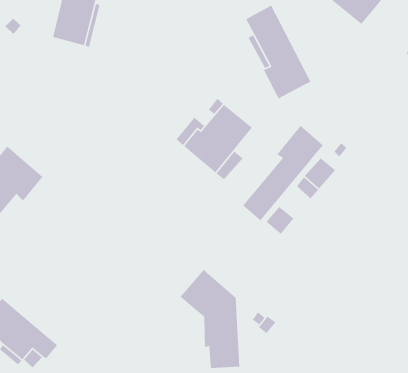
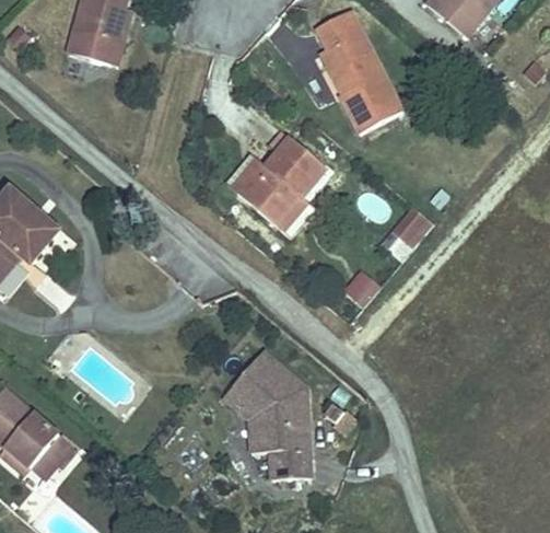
building: [242,125,324,222] -> none
building: none -> [224,386,265,452]

